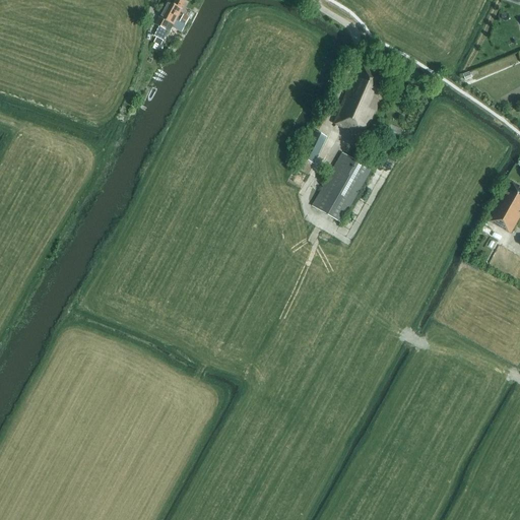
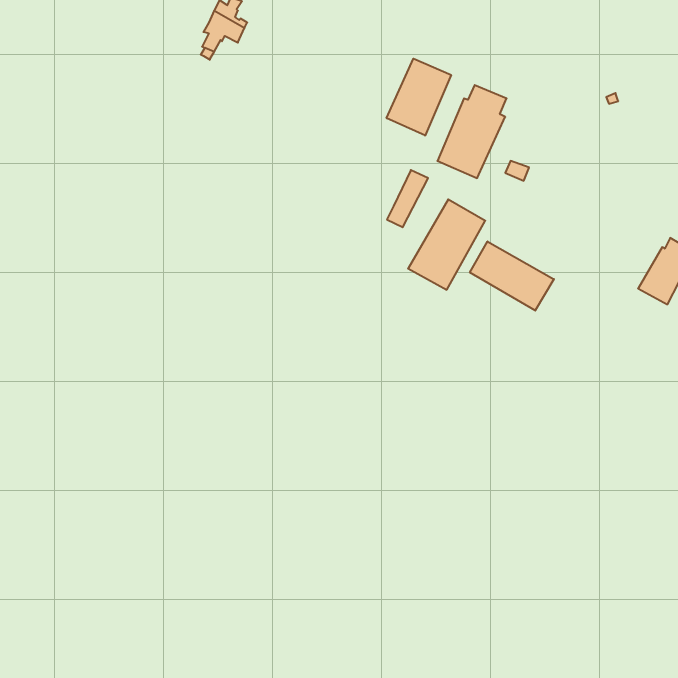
building: none -> [387,59,451,136]
building: none -> [470,241,554,311]

